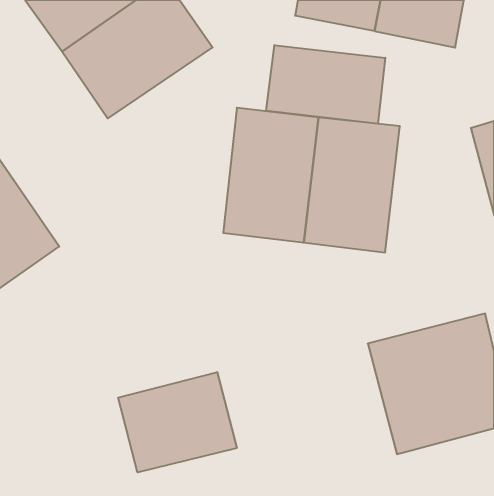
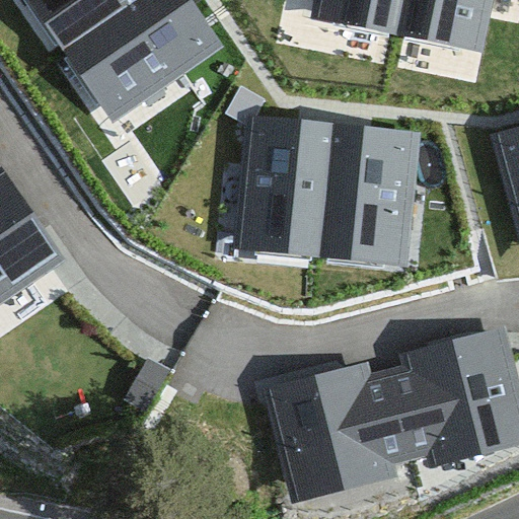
building: [266,45,385,124] -> none
building: none -> [263,359,415,506]
building: [118,372,237,472] -> none

